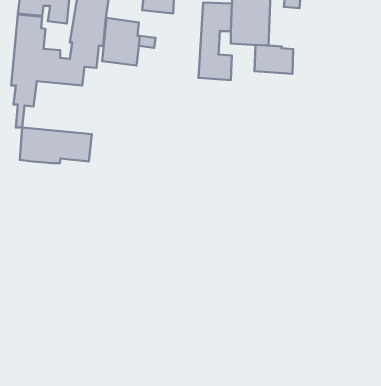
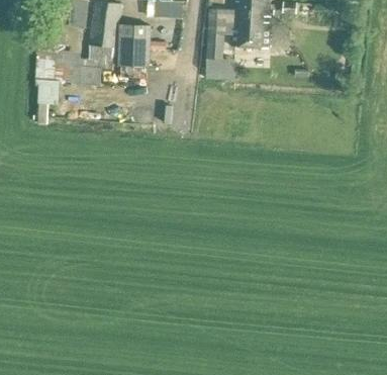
building: [255,45,293,74] -> none
building: [20,128,92,163] -> none

